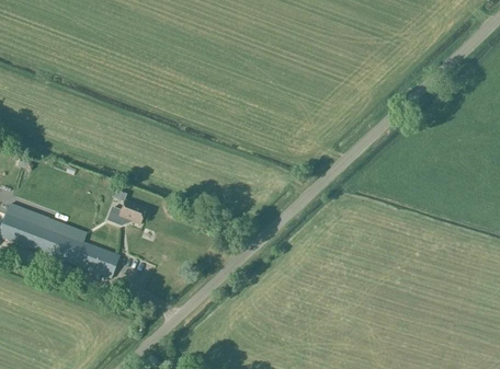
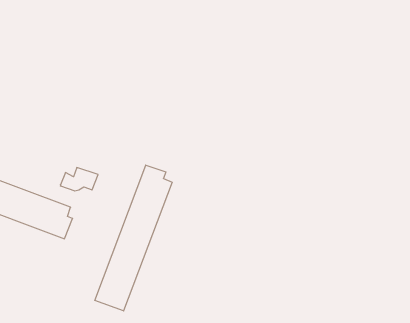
building: none -> [95,165,172,311]

